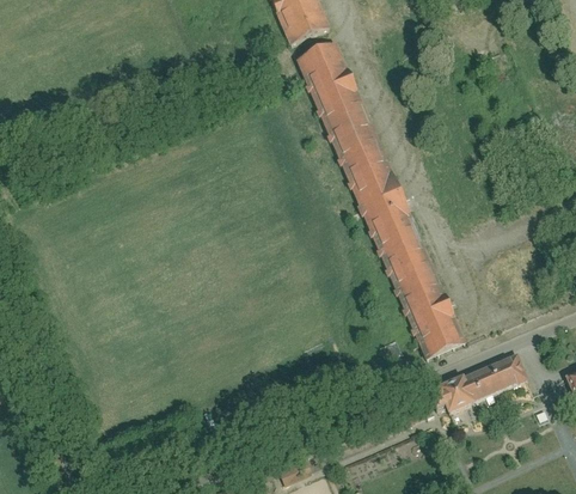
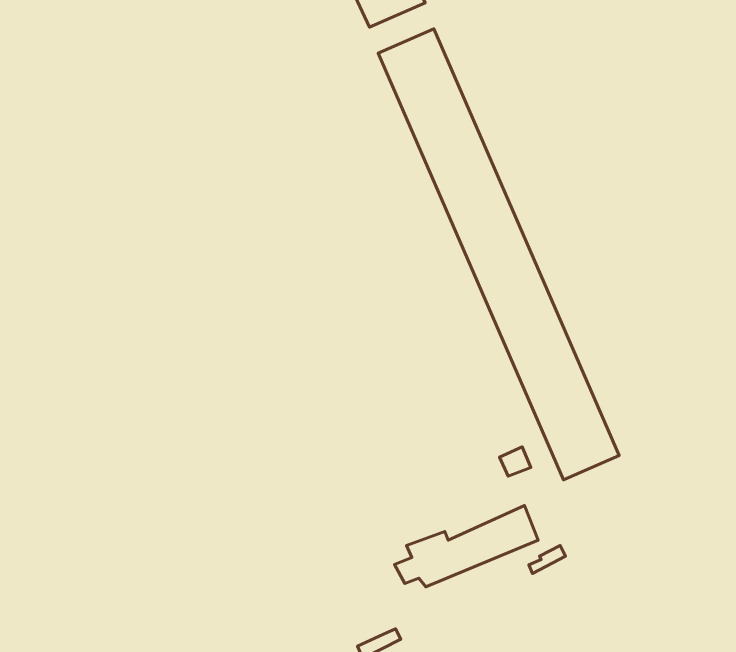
building: [430,353,529,409] -> [395,506,538,587]

